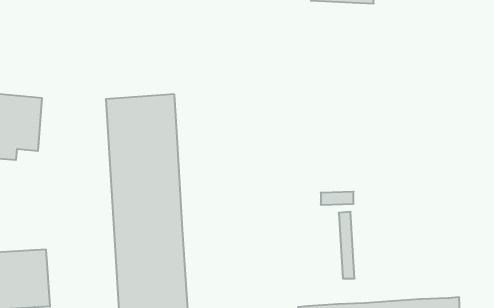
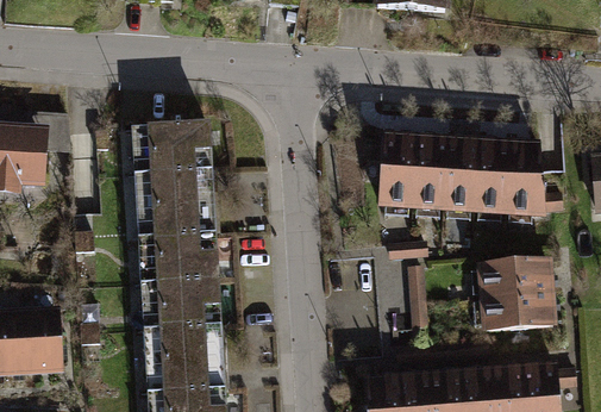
building: none -> [375,130,540,212]
building: none -> [472,257,551,331]

